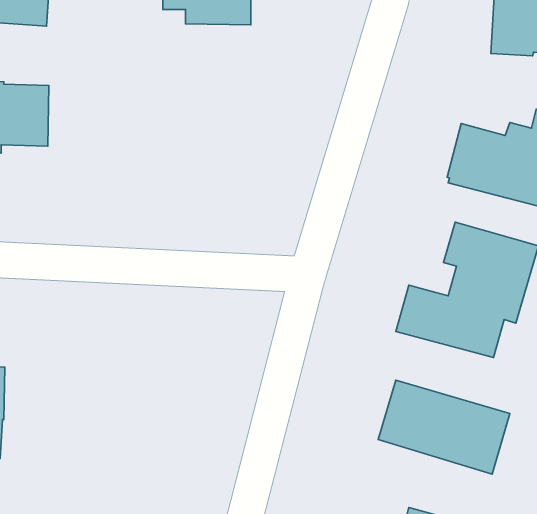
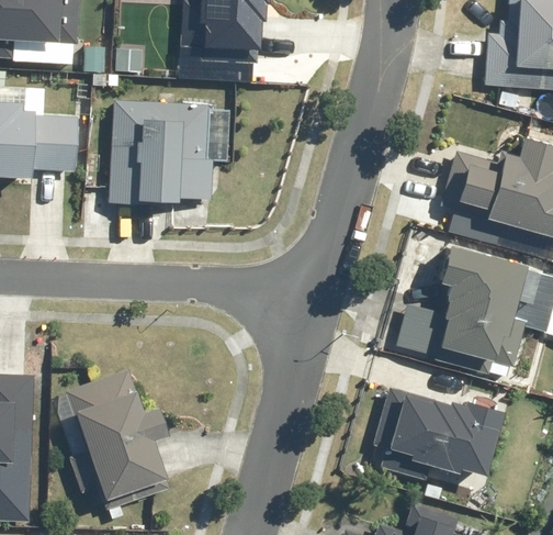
building: none -> [109,101,213,203]
building: none -> [66,369,169,499]

